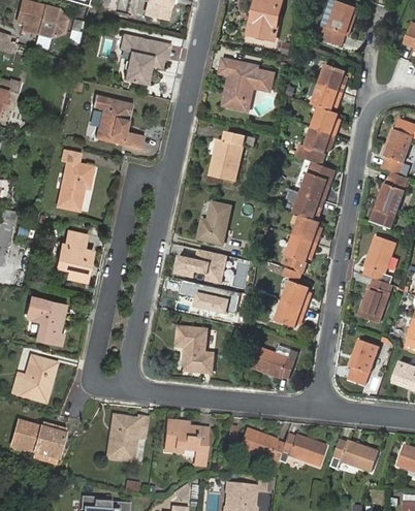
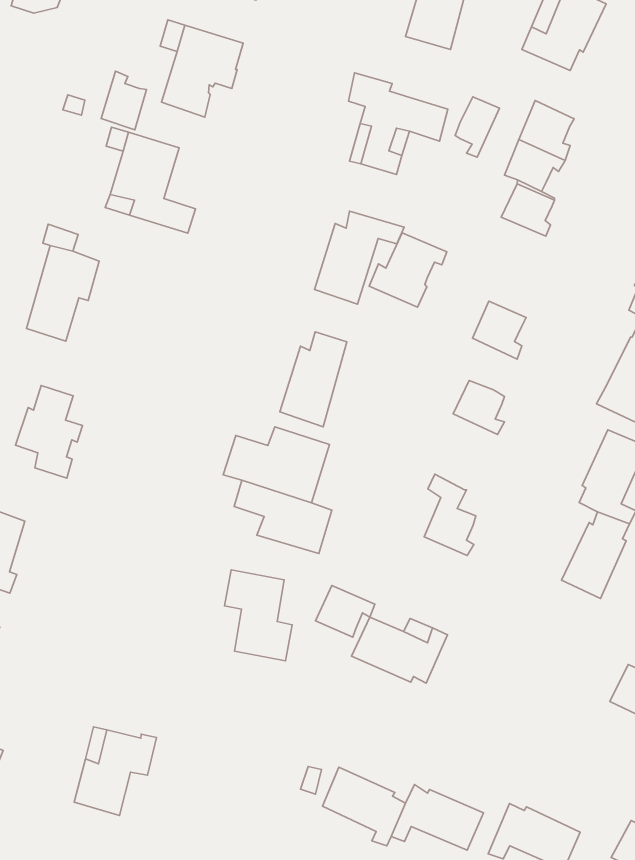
building: none -> [455,97,499,157]
building: none -> [101,71,147,130]
building: [294,126,334,165] -> [369,233,447,307]
building: [291,192,324,219] -> none
building: [281,233,317,274] -> none
building: [275,300,306,327] -> [316,585,375,637]
building: [345,340,376,386] -> none
building: [165,421,209,467] -> none

